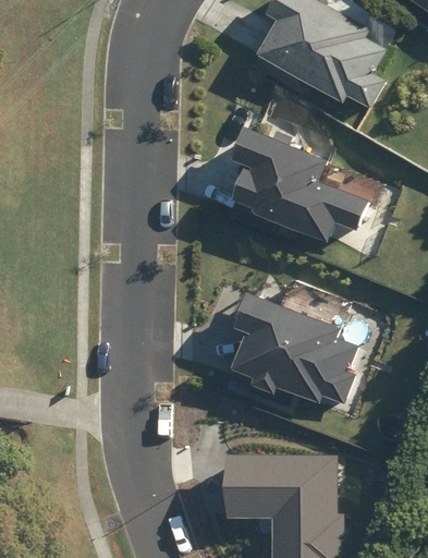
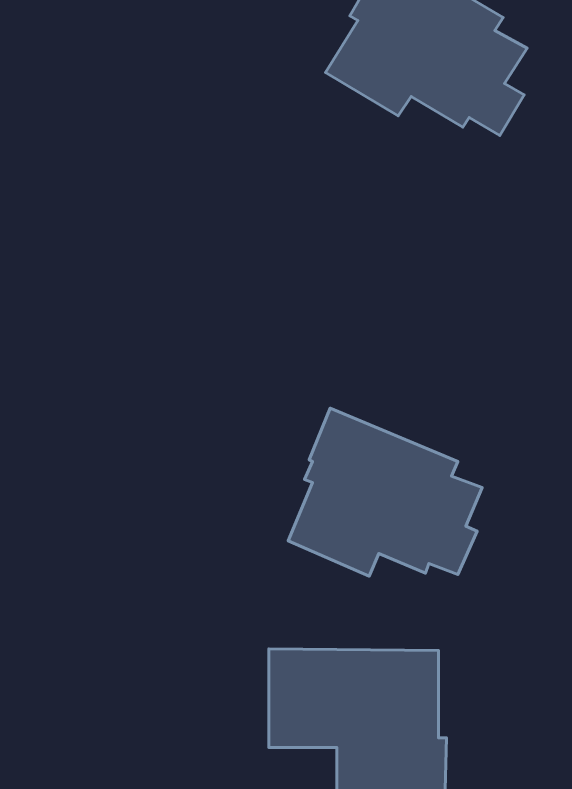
building: [229,124,369,241] -> none

